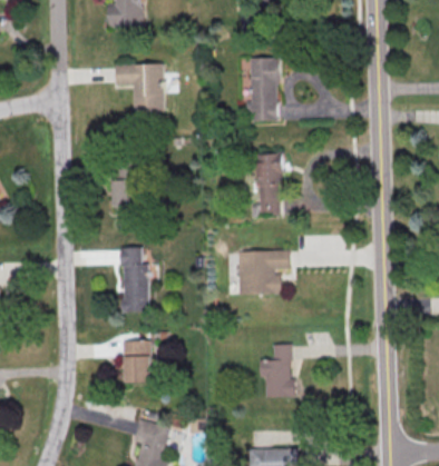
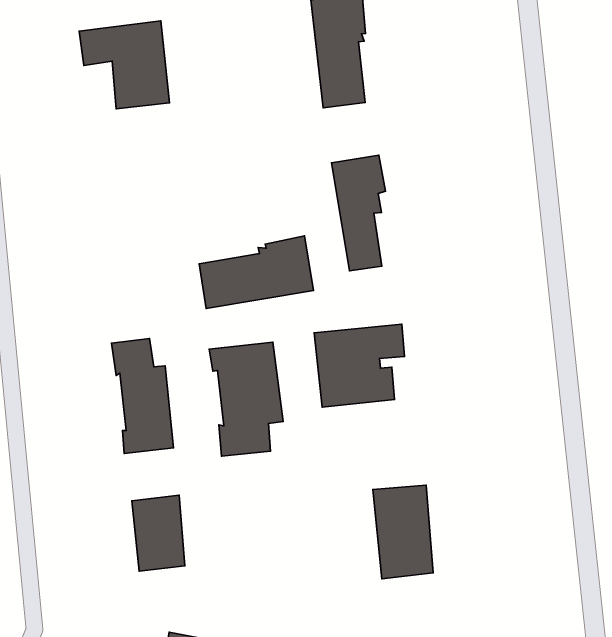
building: [109,178,135,206] -> none
building: none -> [199,236,313,308]
building: none -> [209,342,283,456]

